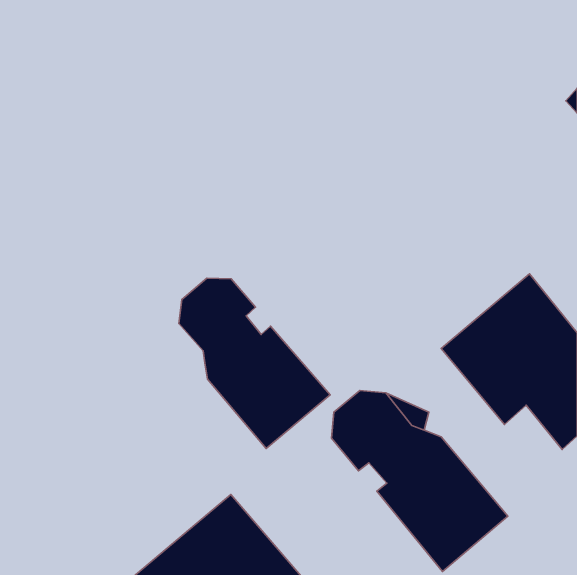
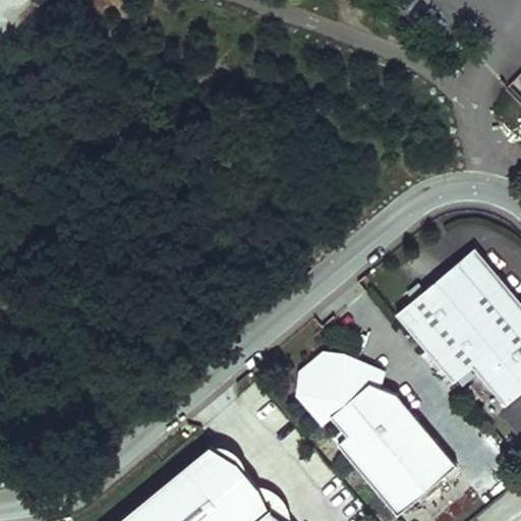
building: [179,278,330,449] -> none

